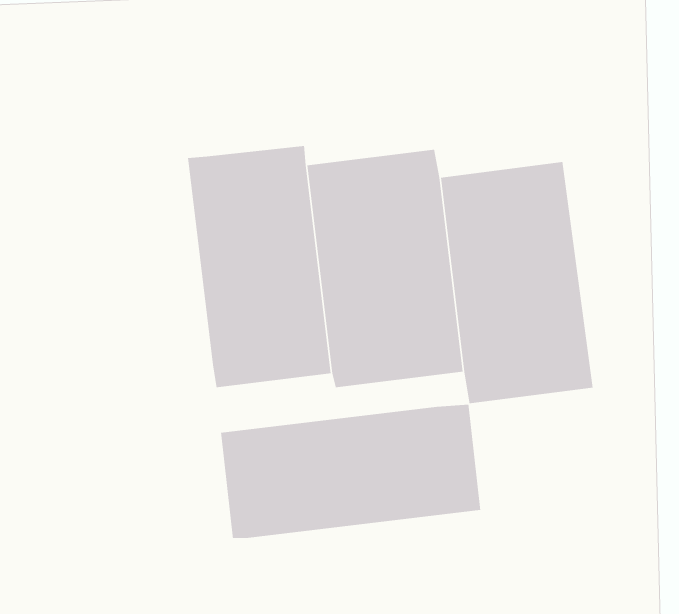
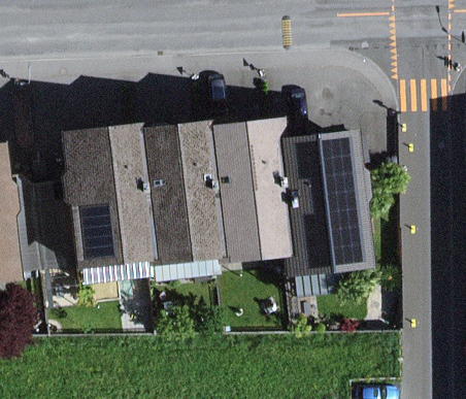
building: none -> [61,113,156,262]
building: [220,404,481,539] -> none

